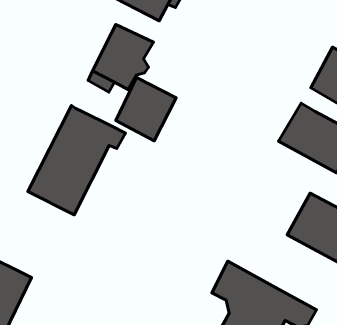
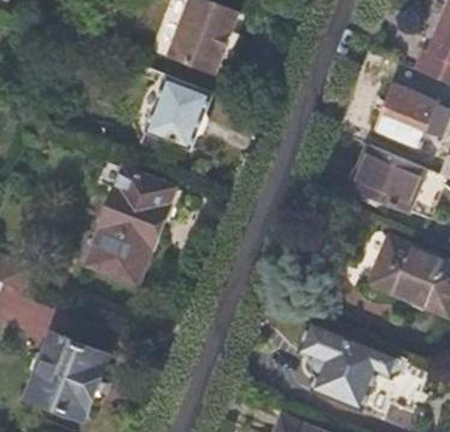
building: [116,78,176,141] -> none

